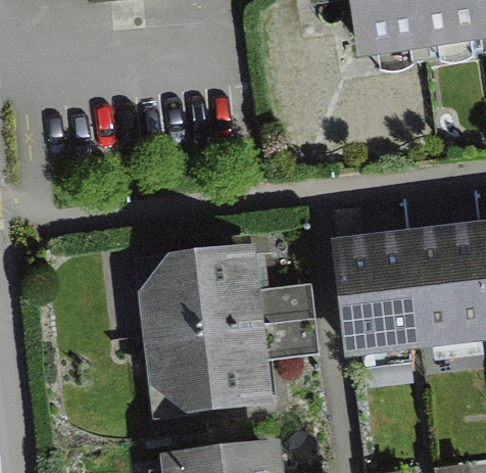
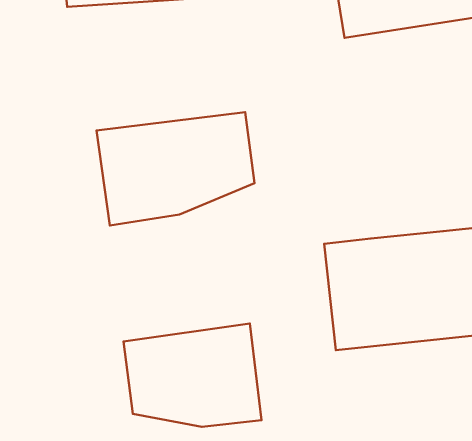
building: none -> [96,112,254,225]
building: [139,246,263,332] -> none

